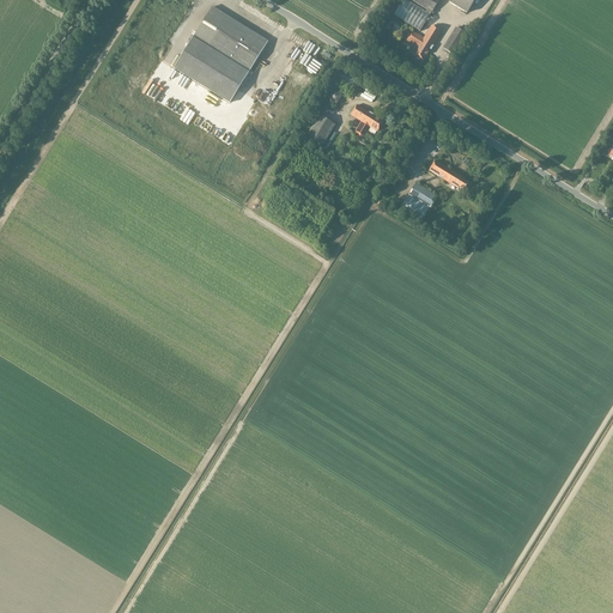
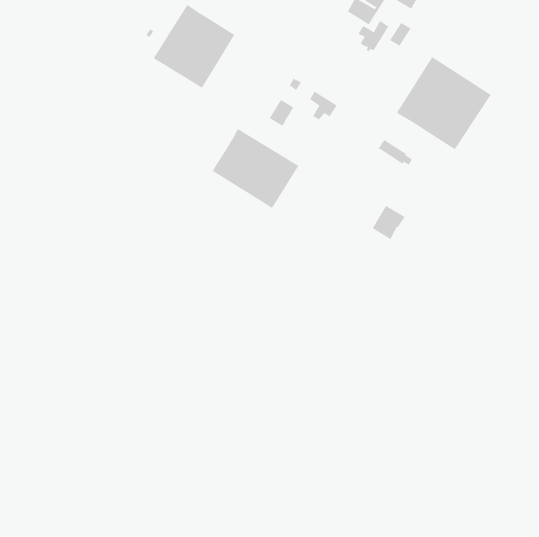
building: none -> [396,56,492,150]
building: none -> [212,128,299,209]
building: [400,181,438,220] -> [372,205,406,240]

